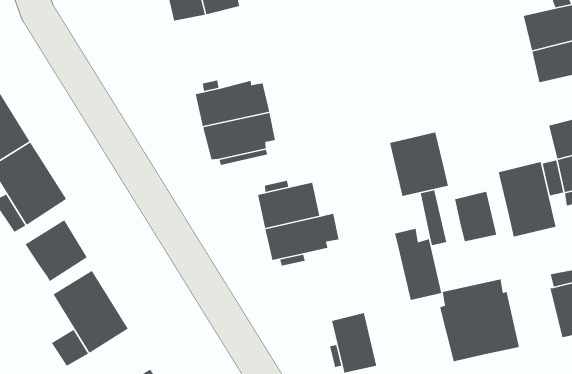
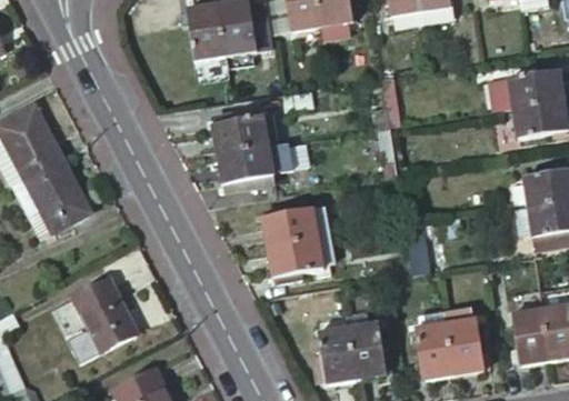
building: [389,131,449,197] -> none
building: [498,161,556,238] -> none
building: [454,191,497,242] -> none
building: [24,219,88,282] -> none
building: [394,228,442,301] -> [346,313,385,378]

